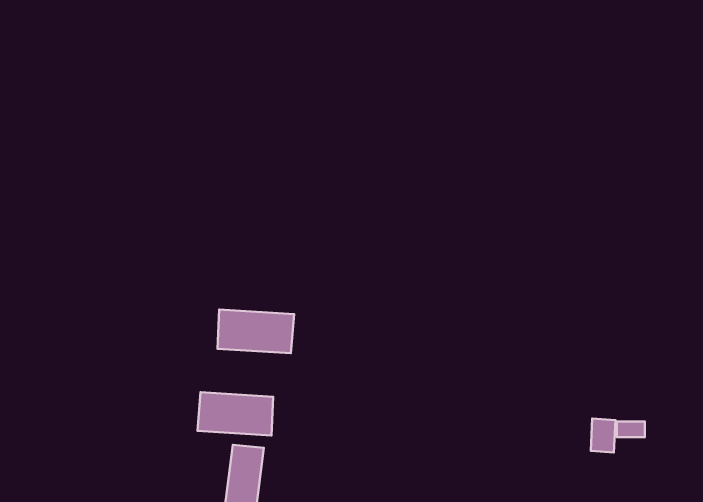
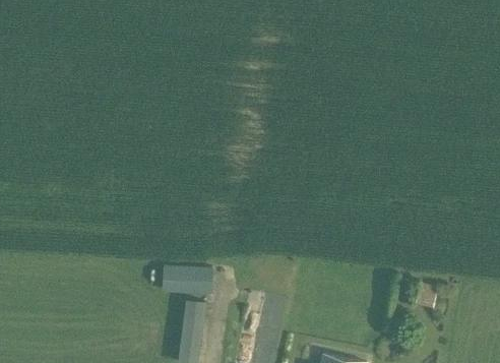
building: [217,309,294,353] -> none

